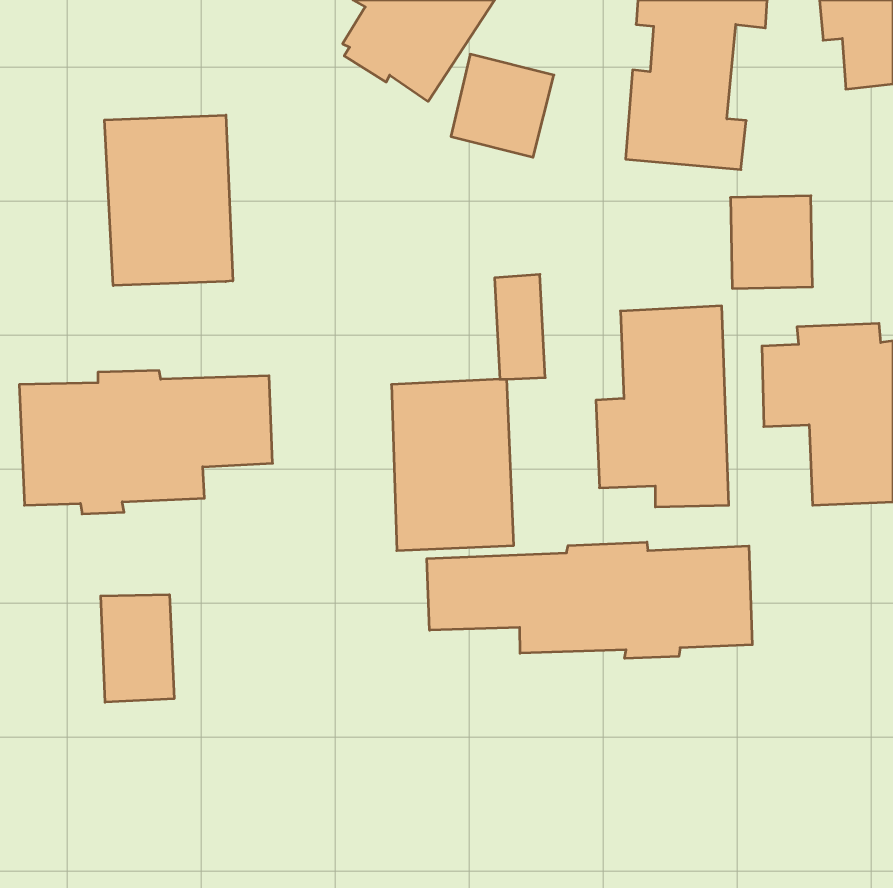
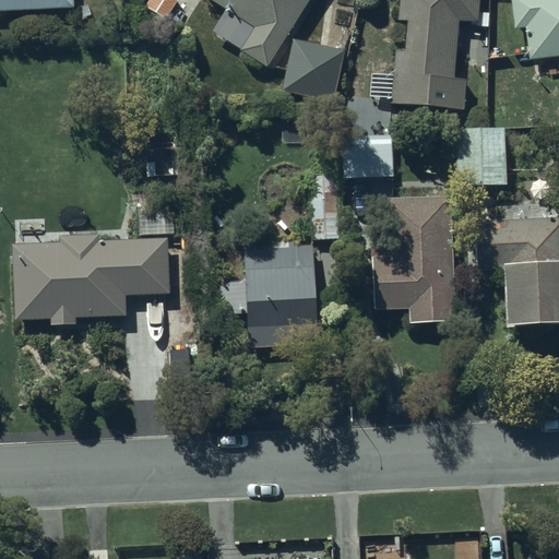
building: [105,115,233,286] -> none
building: none -> [341,133,393,178]
building: [427,542,752,658] -> none
building: [101,595,174,702] -> none

